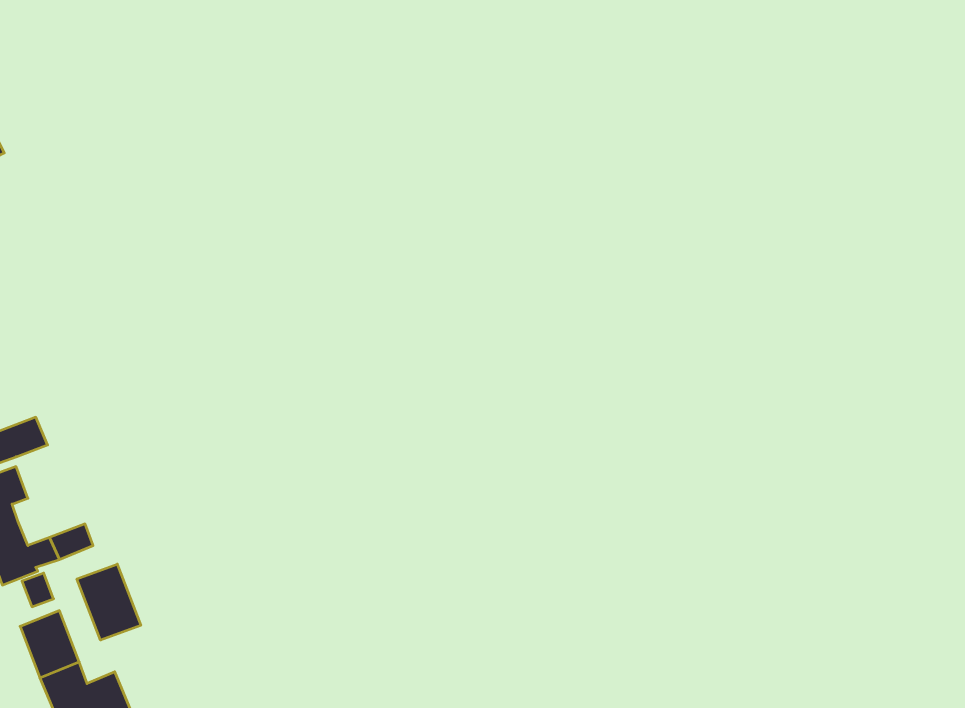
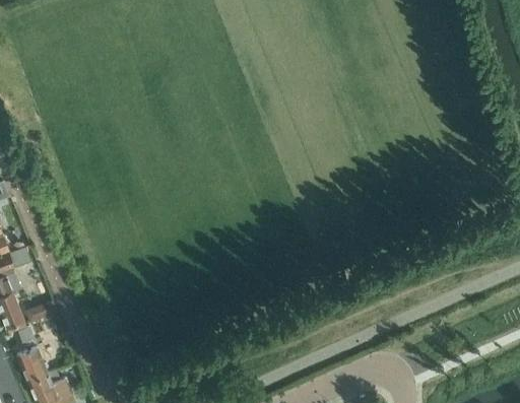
building: [77,564,141,640] -> none

